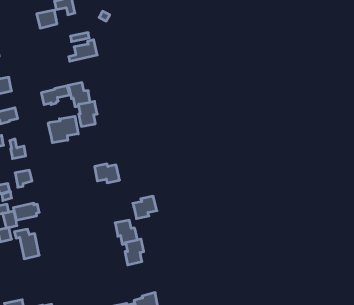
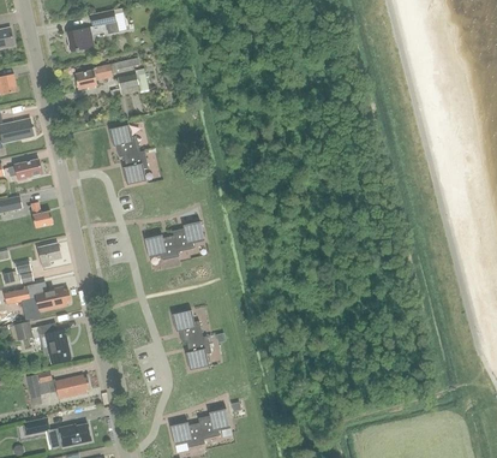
building: [41,86,70,105] -> [73,63,112,88]
building: [48,116,78,143] -> none
building: [133,196,157,219] -> [172,220,204,250]
building: none -> [26,369,88,397]

